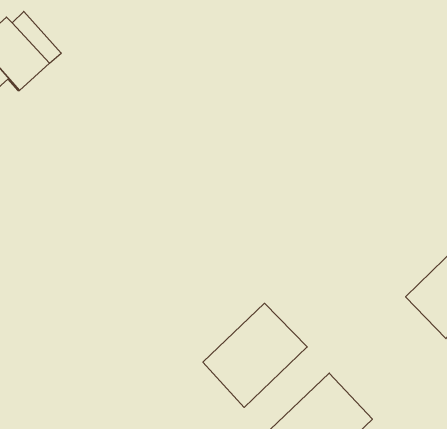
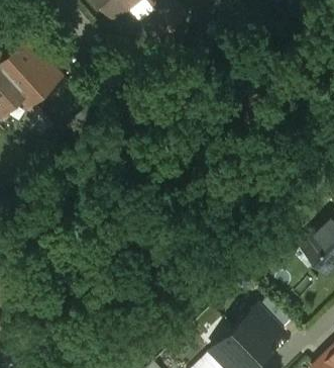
building: [203,303,307,407] -> none

